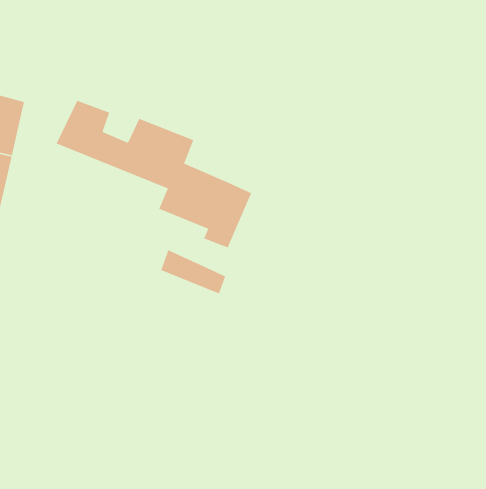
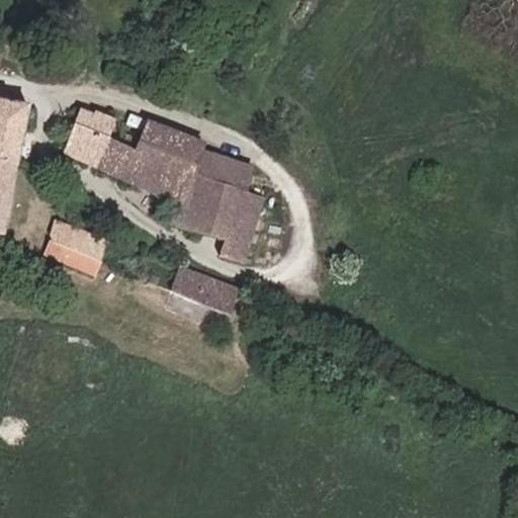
building: none -> [195,150,252,193]
building: none -> [48,211,113,271]

